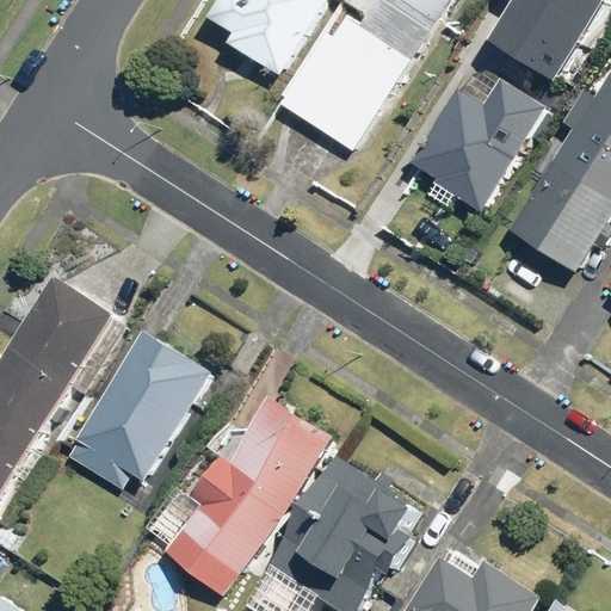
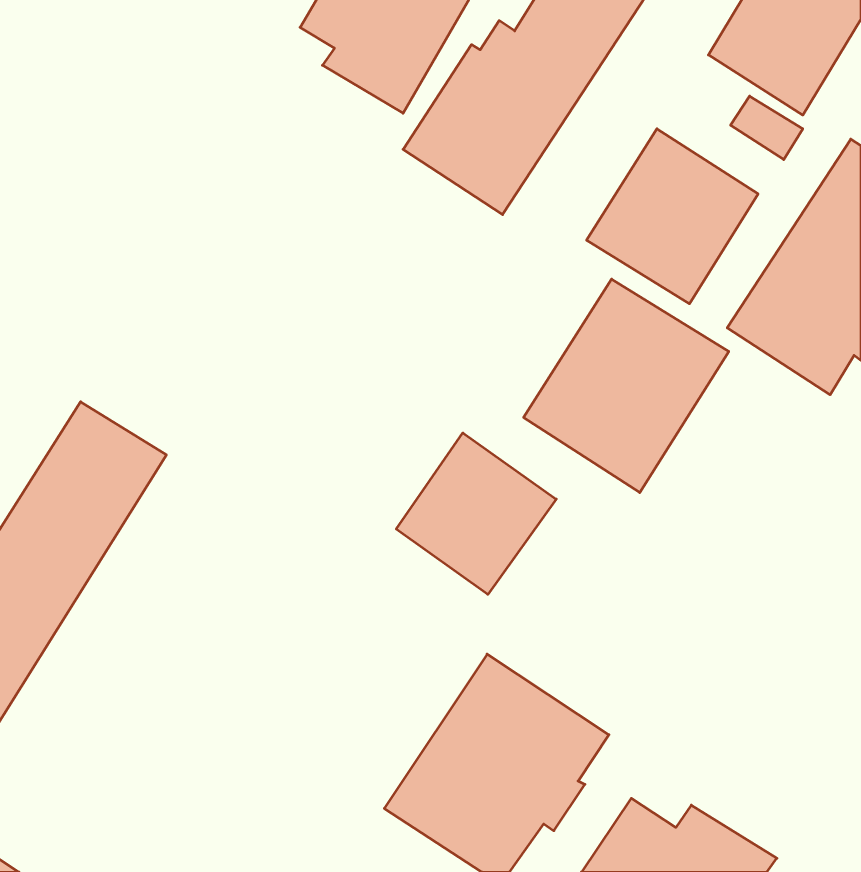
building: none -> [524,279,729,493]
building: none -> [396,433,556,594]
building: [57,321,212,489] -> none
building: [165,396,334,595] -> none

